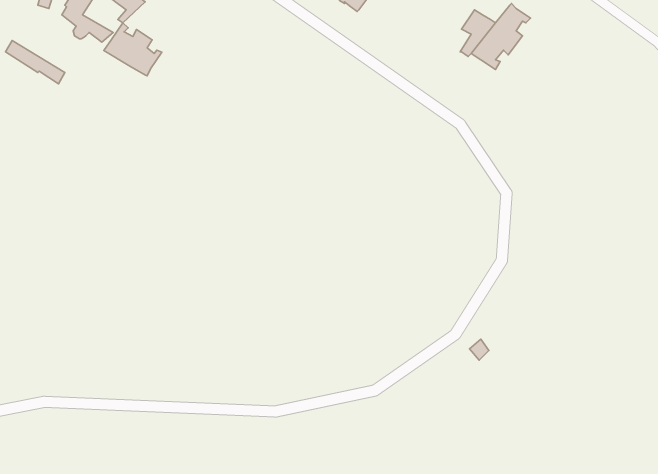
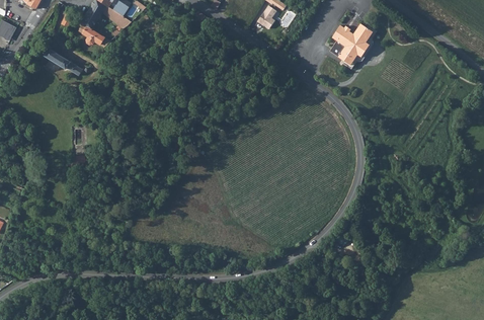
building: [104,23,162,76] -> none

